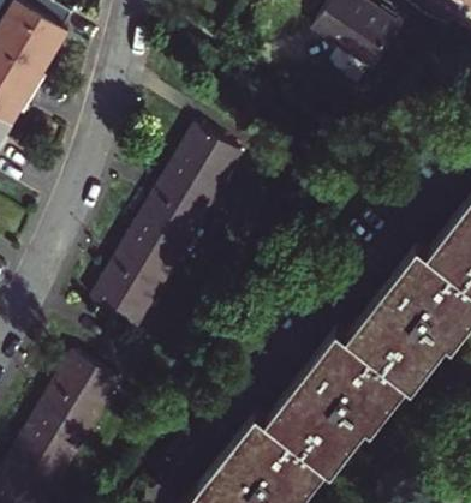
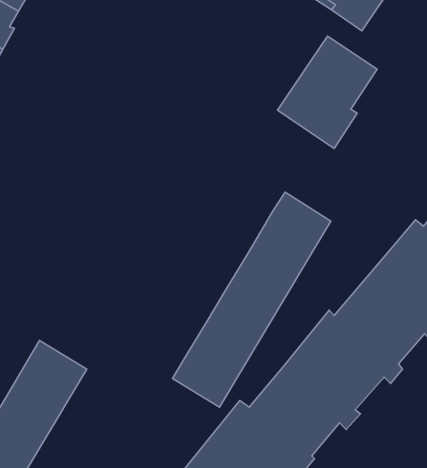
building: none -> [277,36,377,149]
building: [94,132,239,329] -> [172,192,331,407]

